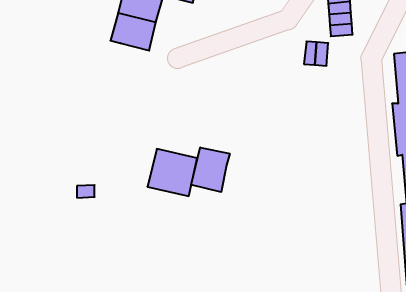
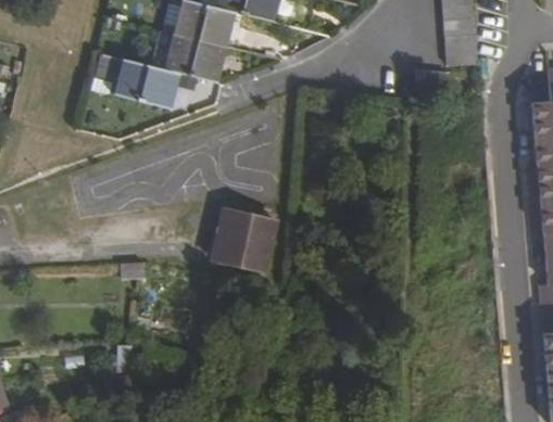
building: none -> [116,59,178,107]
building: [191,147,230,192] -> none

